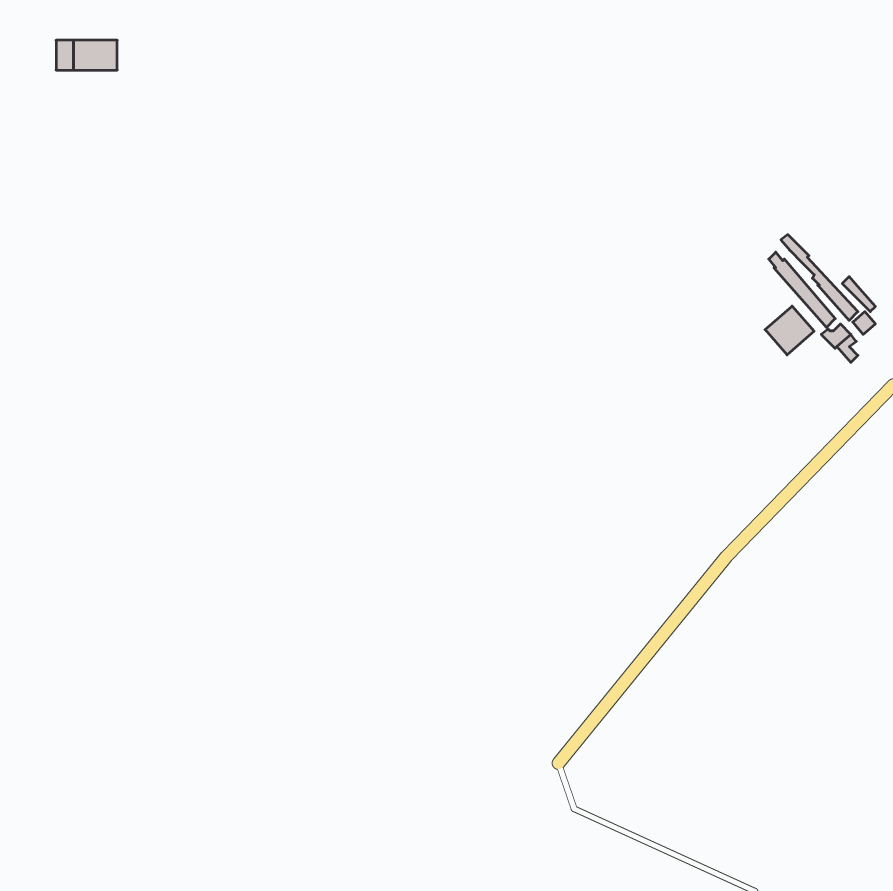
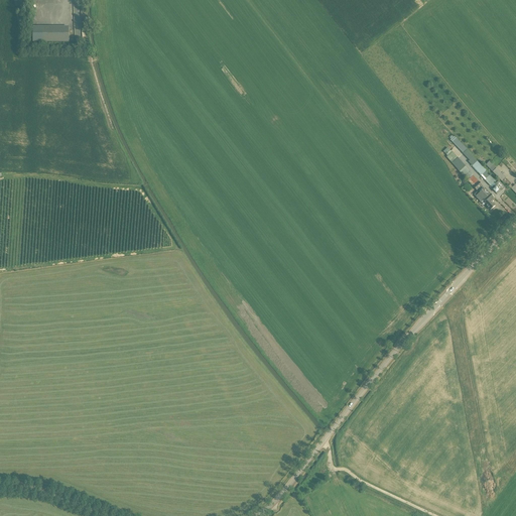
building: [765,306,814,355] -> none

